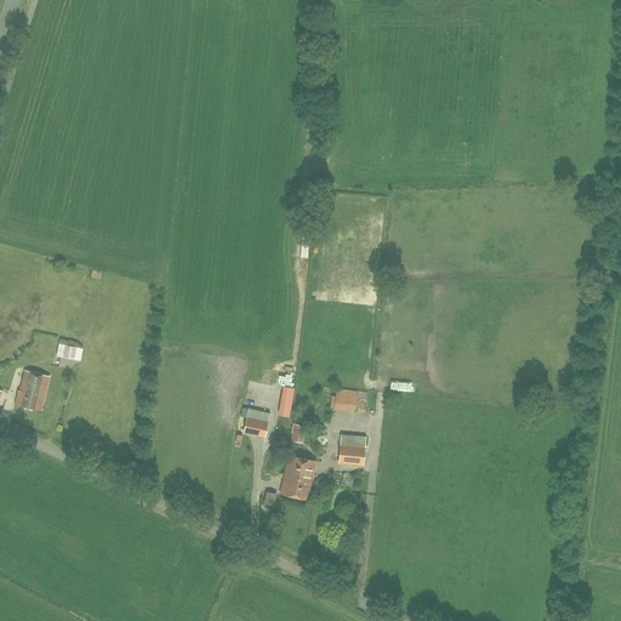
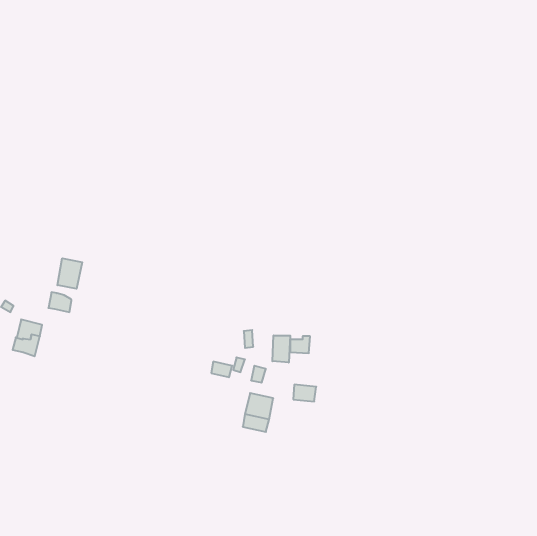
building: none -> [57,258,82,289]
building: none -> [272,335,290,363]

